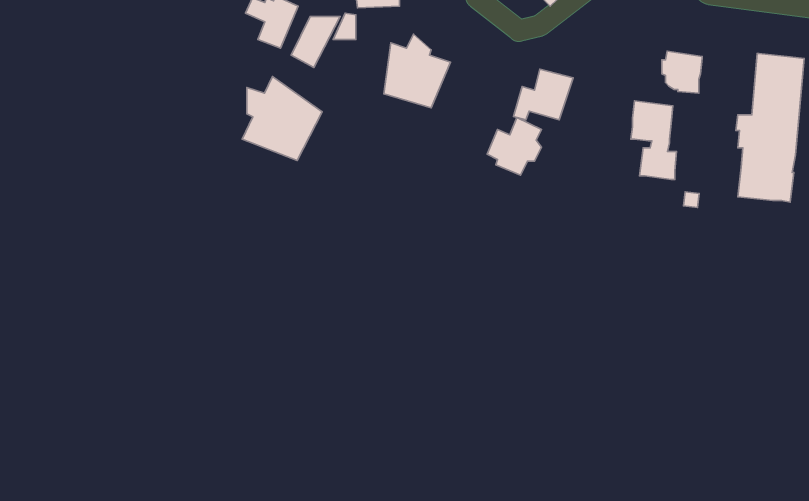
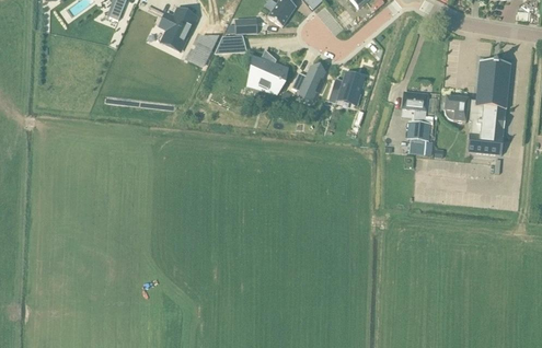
building: [662,51,702,93] -> [442,95,468,121]
building: [242,77,322,161] -> none
building: [487,117,541,175] -> [291,65,325,101]

